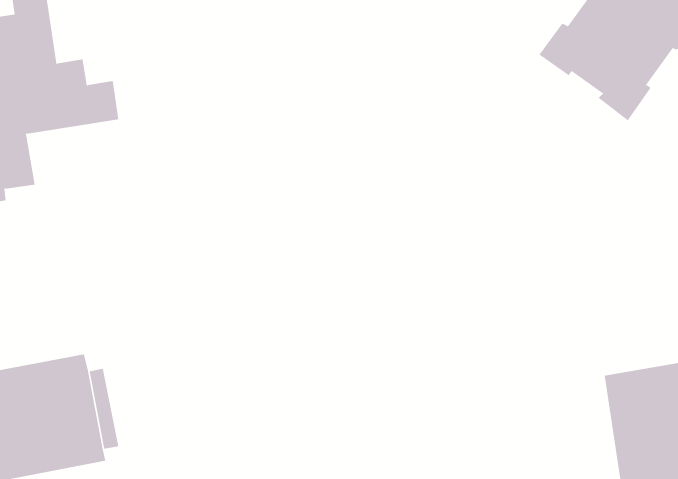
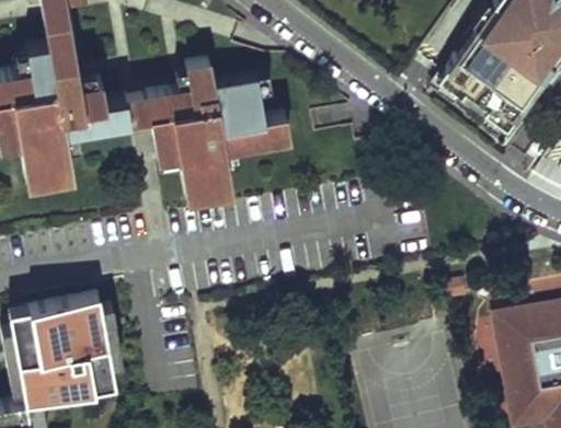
building: none -> [124,62,280,200]

